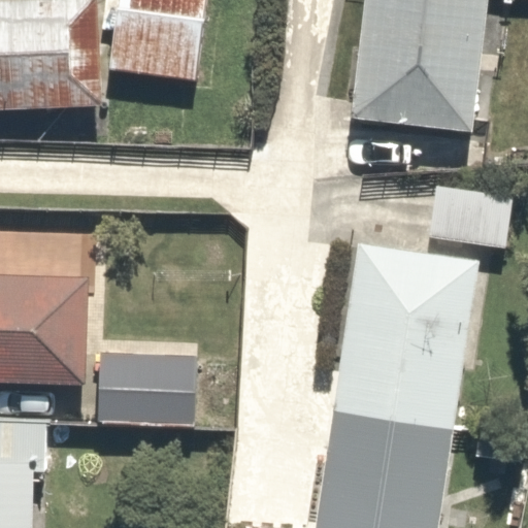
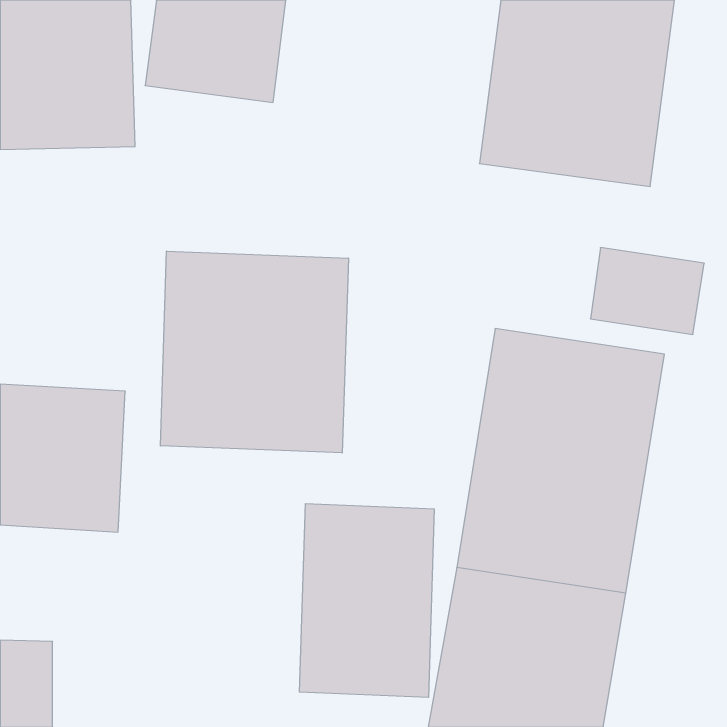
building: none -> [160,251,348,453]
building: [96,343,192,444] -> none
building: none -> [299,504,434,697]

